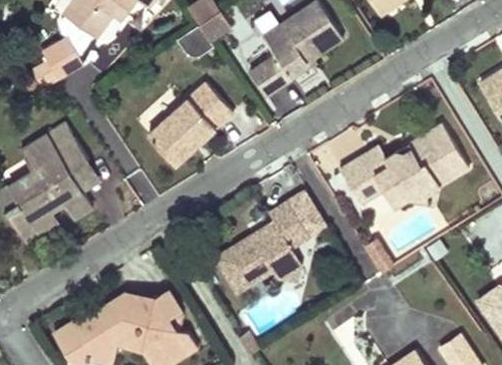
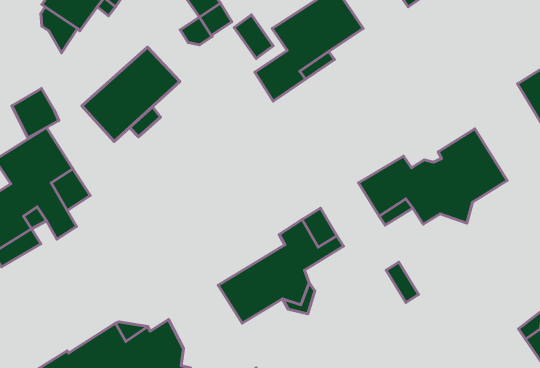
building: [41,38,82,81] -> [12,88,59,138]
building: [146,85,231,167] -> [82,47,180,141]

